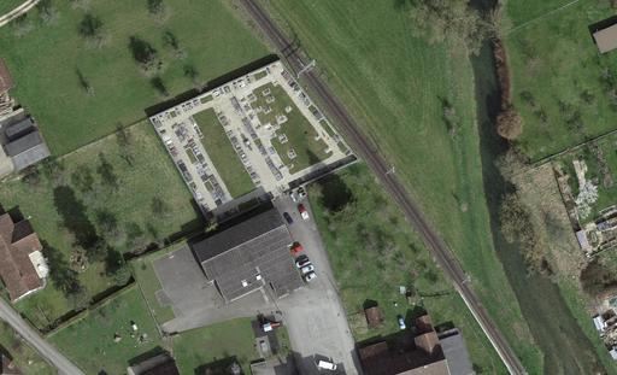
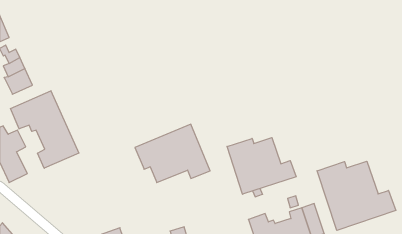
building: none -> [10,91,79,168]
building: none -> [227,138,296,194]
building: none -> [317,161,396,230]

